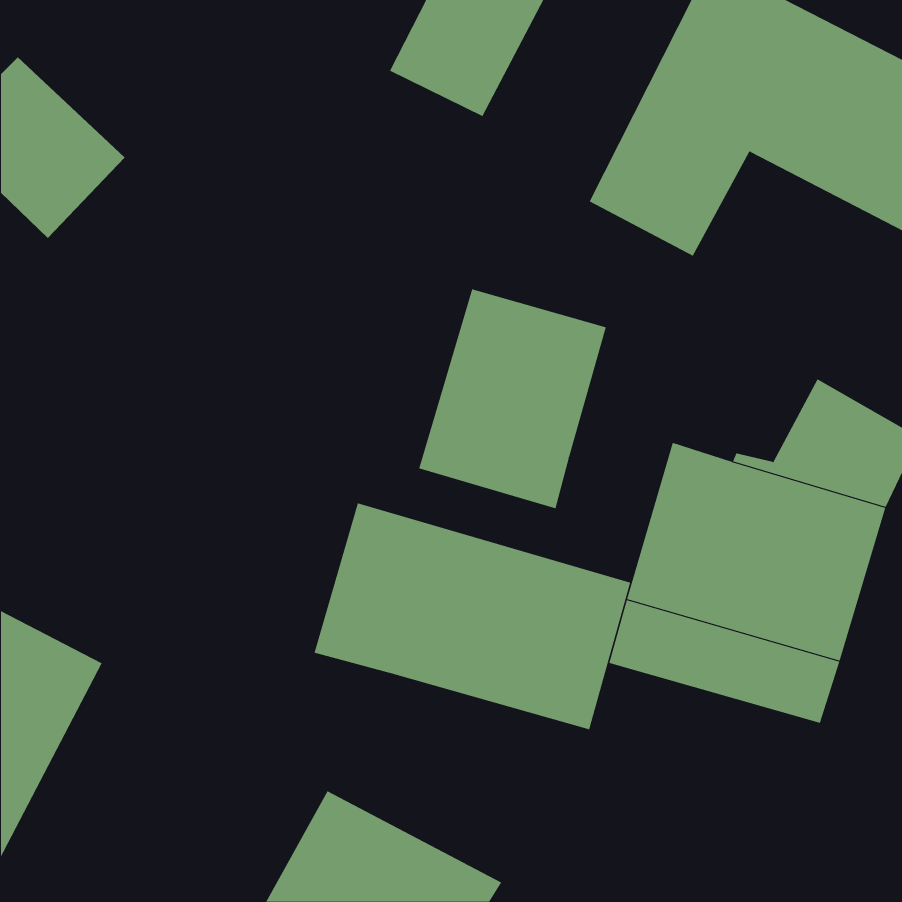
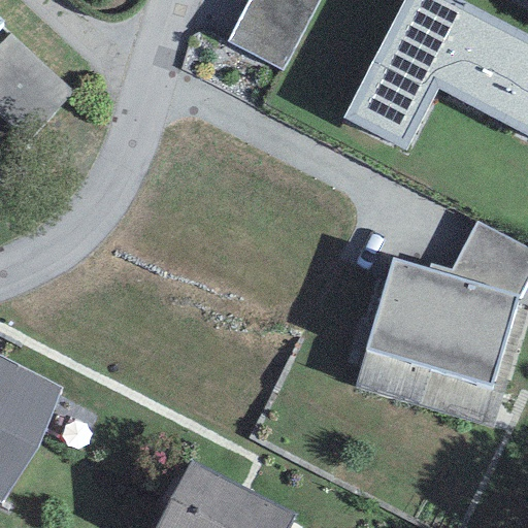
building: [419,288,607,509] -> none
building: [314,502,631,730] -> none

